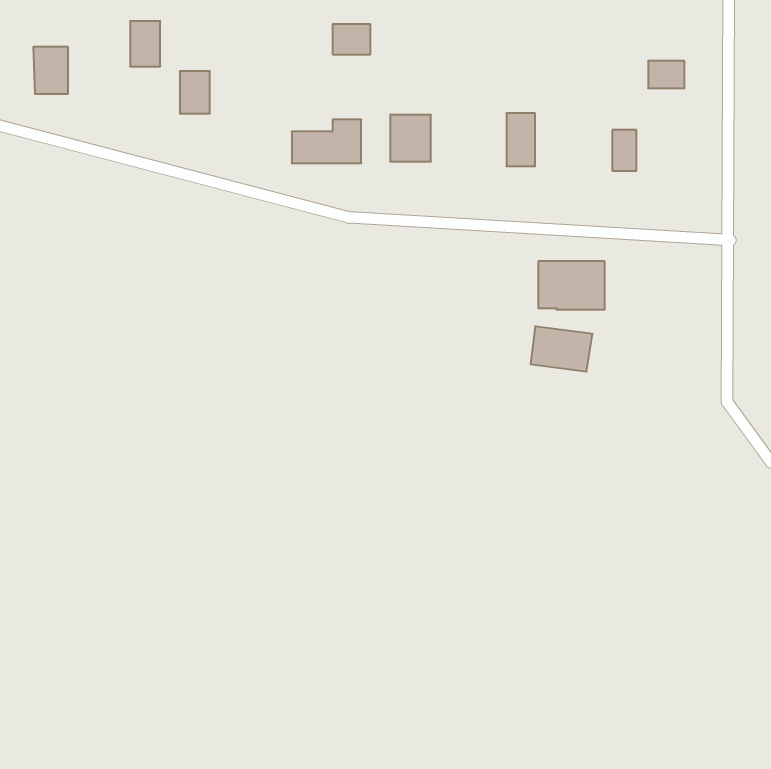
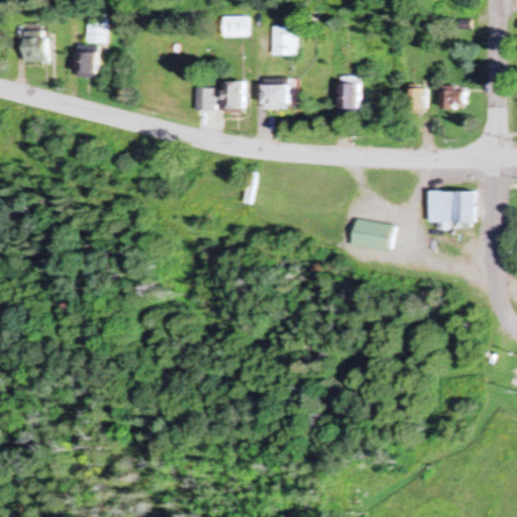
building: none -> [273,25,296,56]
building: [648,61,684,88] -> [441,89,466,107]
building: [180,71,210,114] -> [75,49,95,78]
building: [538,261,605,310] -> [429,191,474,223]

